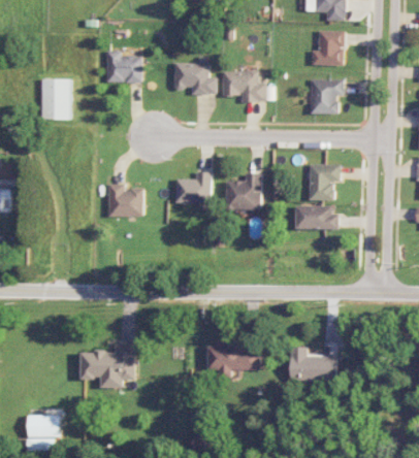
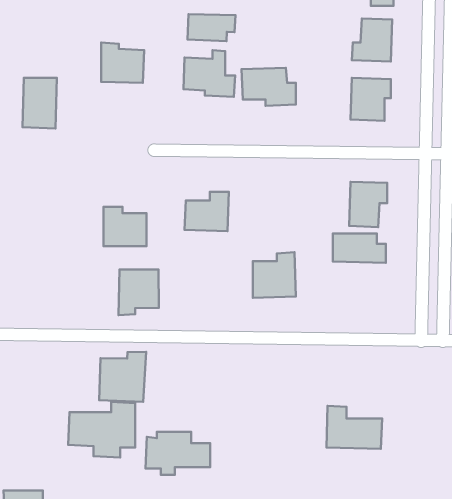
building: none -> [187,14,235,41]
building: [226,172,261,209] -> [253,252,296,298]
building: none -> [119,270,159,315]
building: none -> [99,352,146,402]
building: [206,340,259,375] -> [146,432,210,475]

